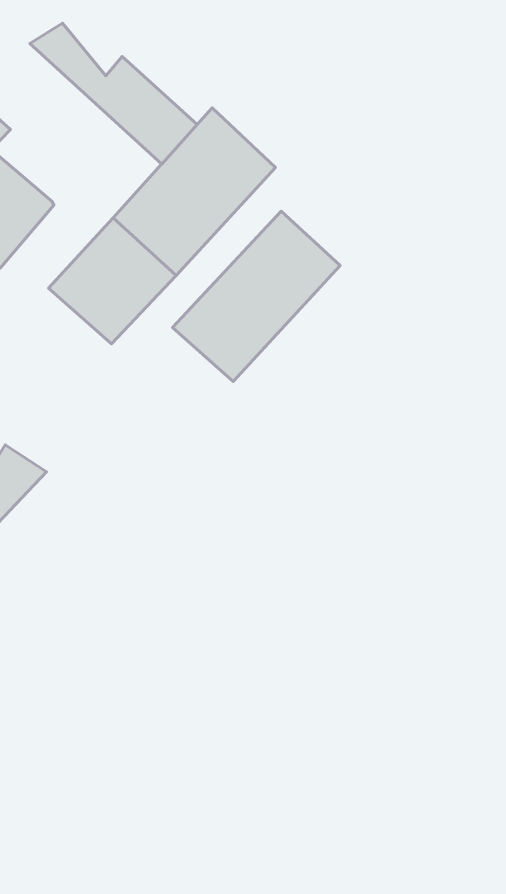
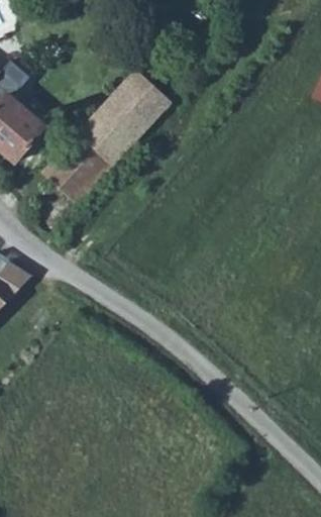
building: [30,23,197,164] -> none
building: [172,211,340,382] -> none

